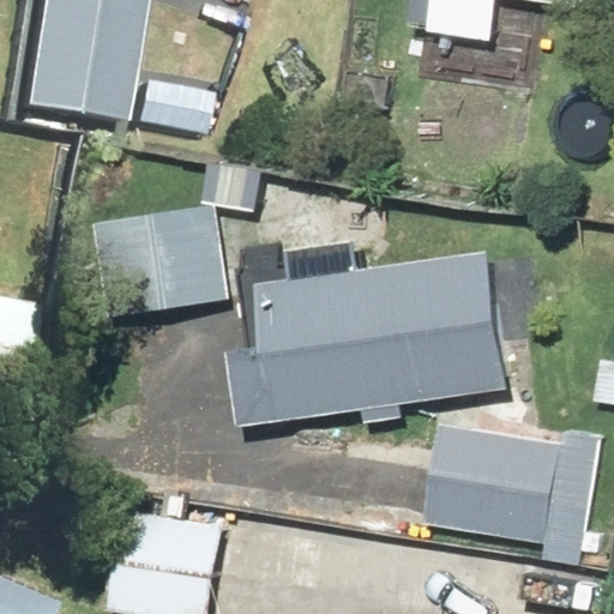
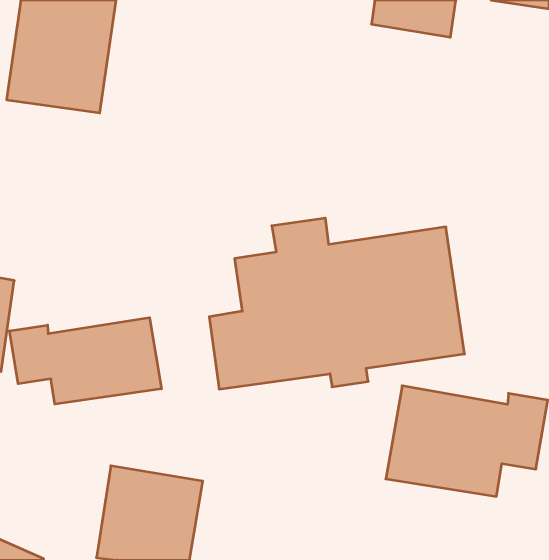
building: [86,204,227,315] -> none
building: none -> [10,318,161,404]

